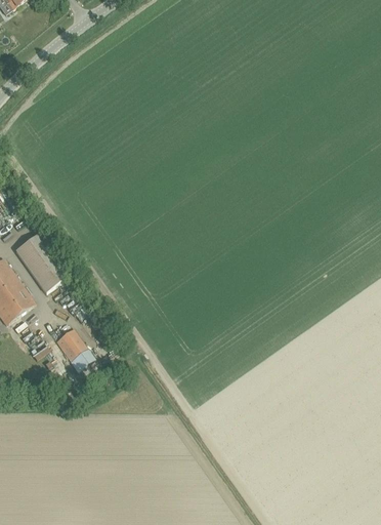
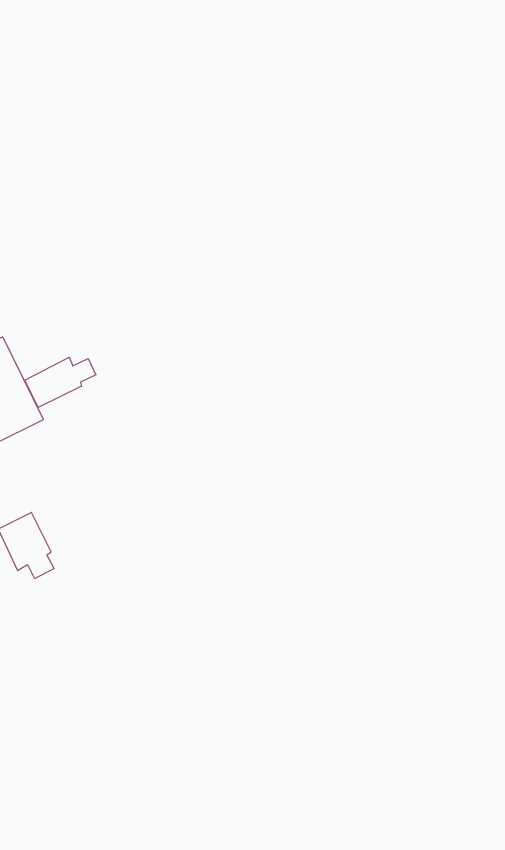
building: none -> [25,357,96,408]

